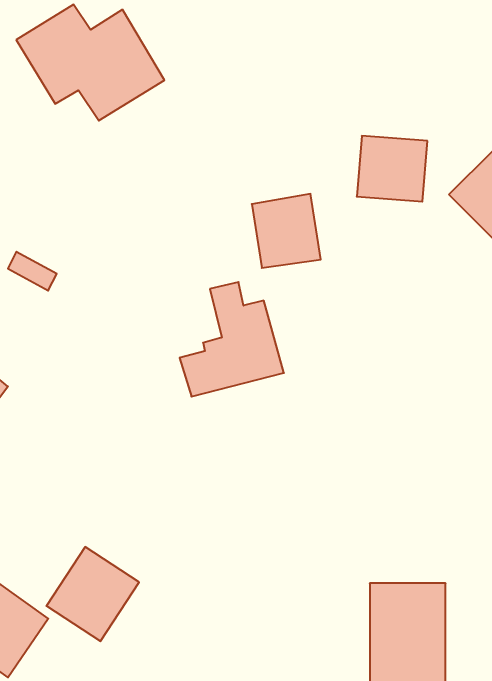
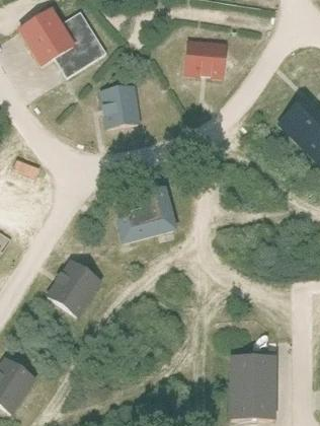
building: [357,136,427,202] -> [183,39,226,78]
building: [252,194,321,268] -> [99,83,141,128]
building: [46,547,139,641] -> [46,259,101,315]

